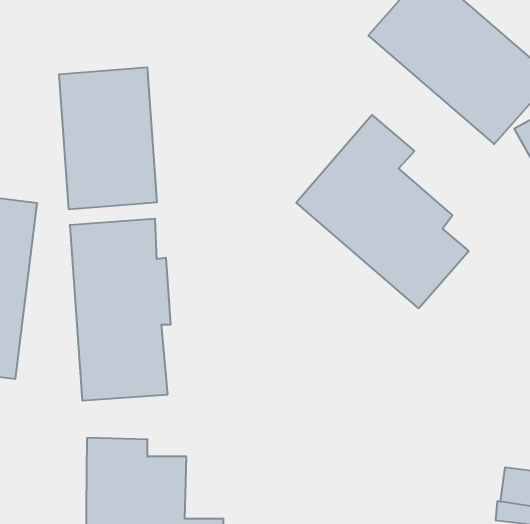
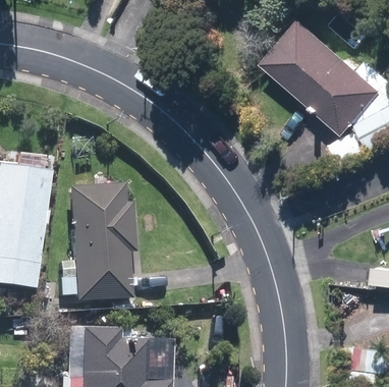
building: [59,67,157,209] -> none
building: [296,115,469,308] -> none

